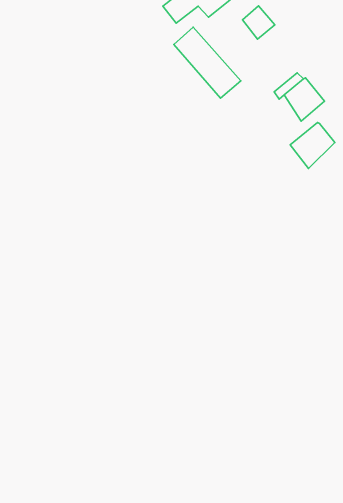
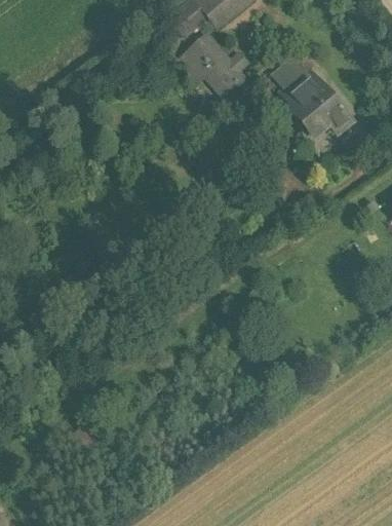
building: [242,6,275,39] -> [278,61,311,95]
building: [290,122,335,169] -> none

